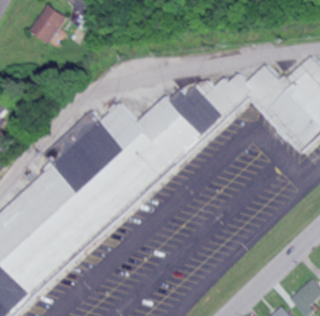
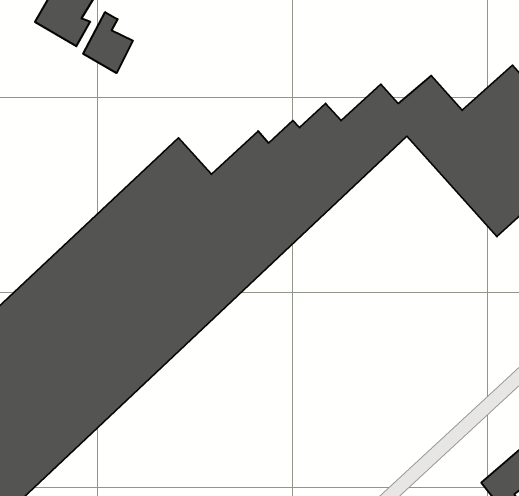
building: none -> [83,12,133,73]

